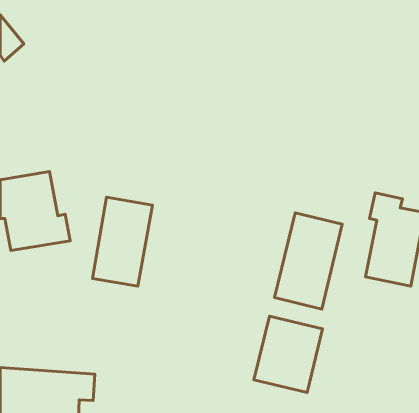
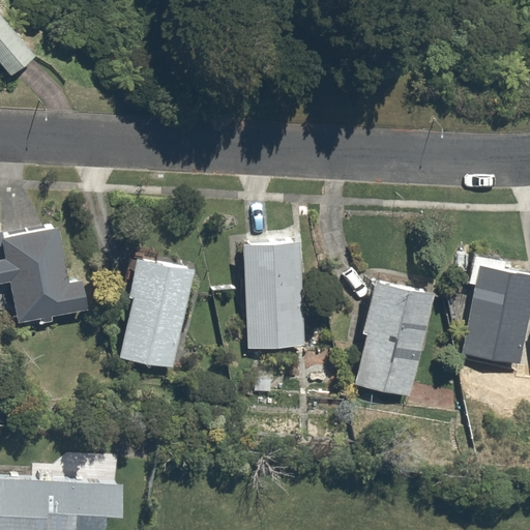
building: none -> [243,238,299,352]
building: [254,316,323,393] -> none

